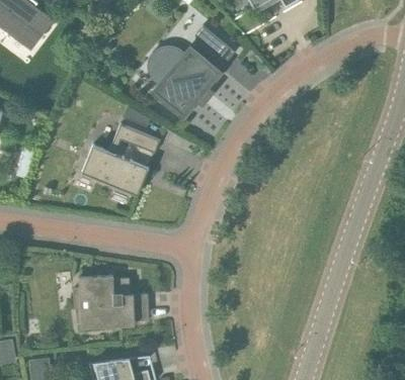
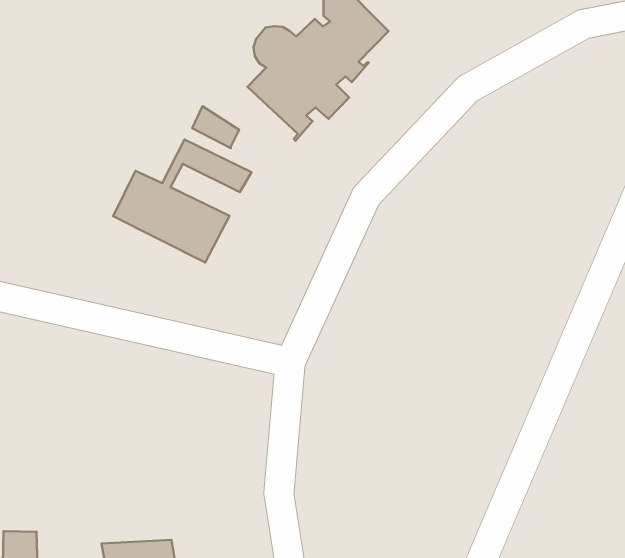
building: [72,275,148,327] -> none

